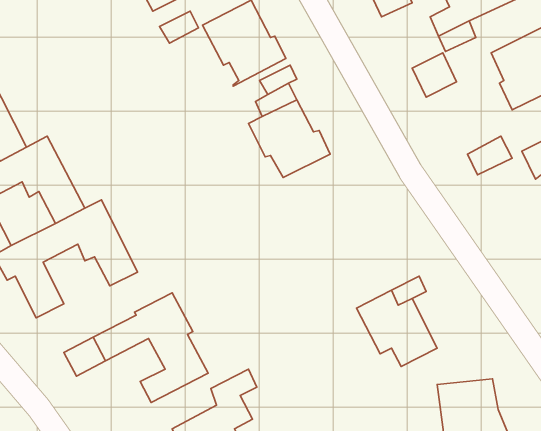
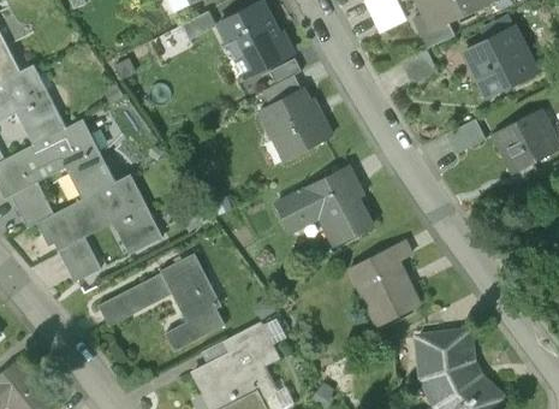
building: none -> [275,167,373,245]

